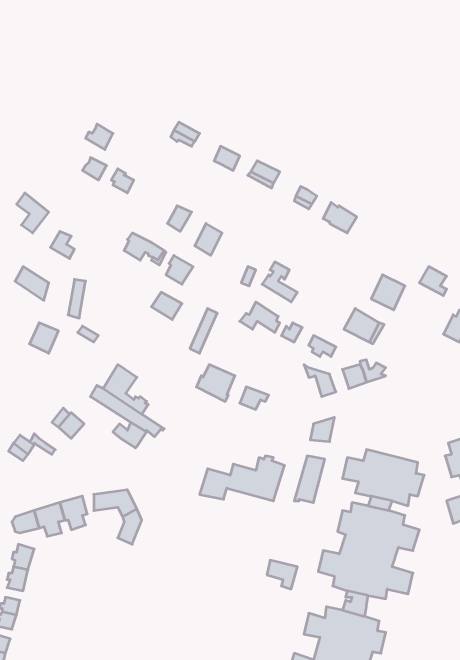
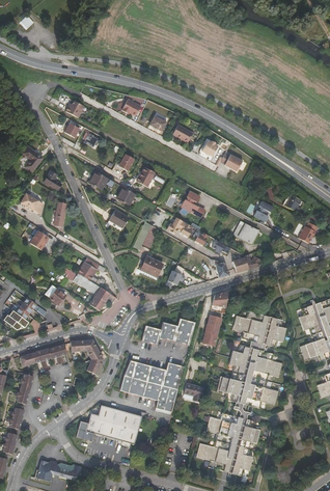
building: none -> [119,359,183,411]
building: none -> [76,404,141,442]

